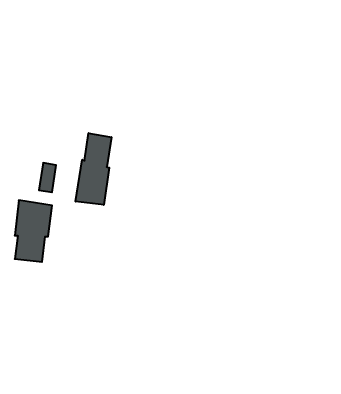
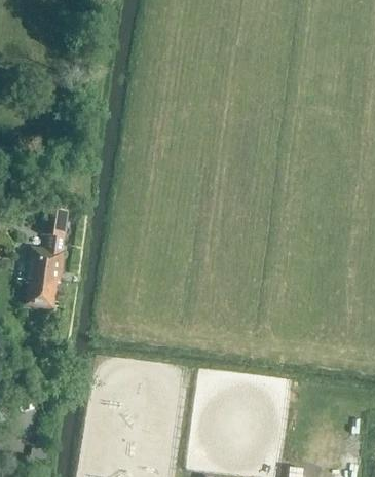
building: [76,133,111,205] -> none

